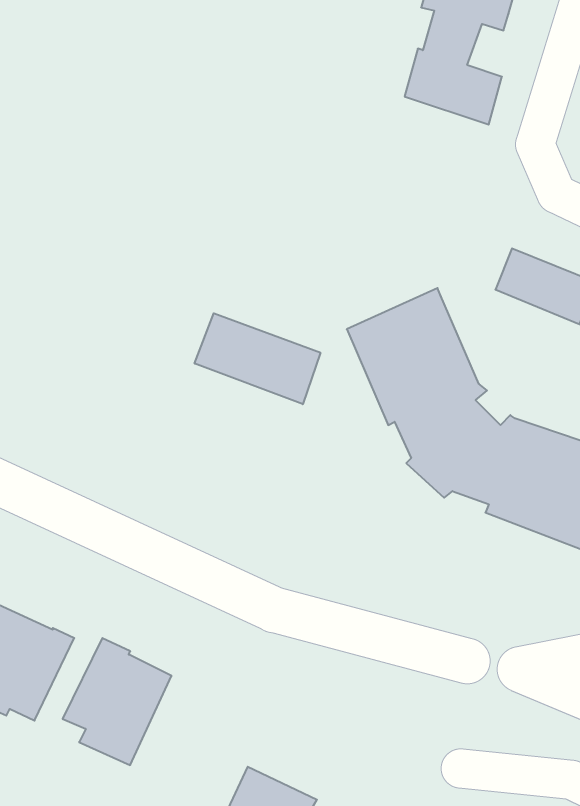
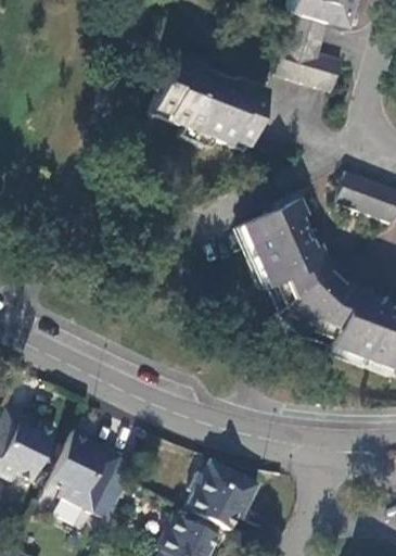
building: none -> [151,54,270,153]
building: [195,313,320,404] -> none
building: none -> [187,463,260,529]

